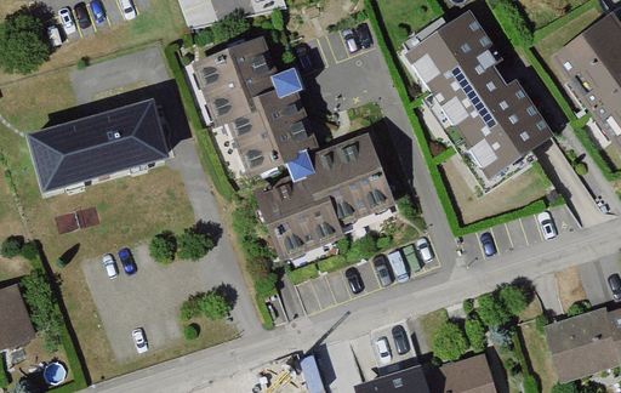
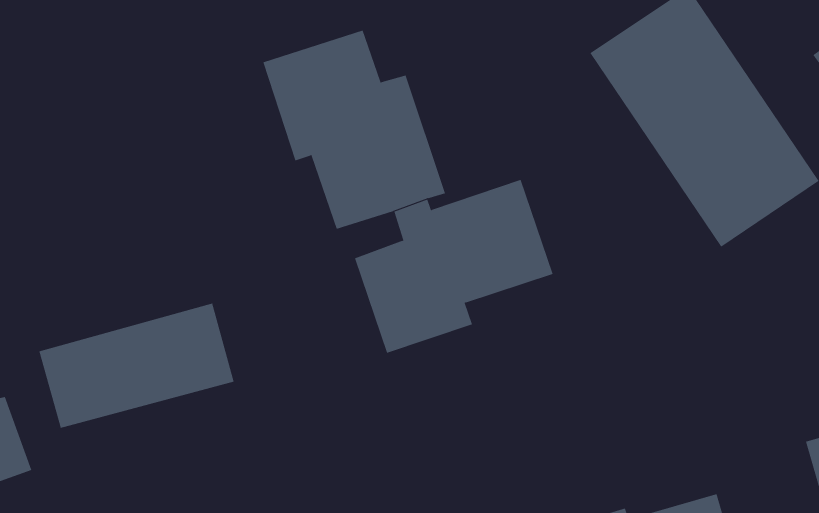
building: [35,103,167,188] -> [38,303,234,429]

